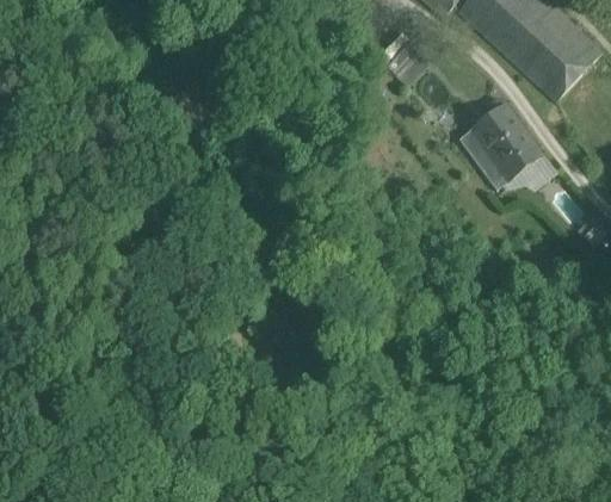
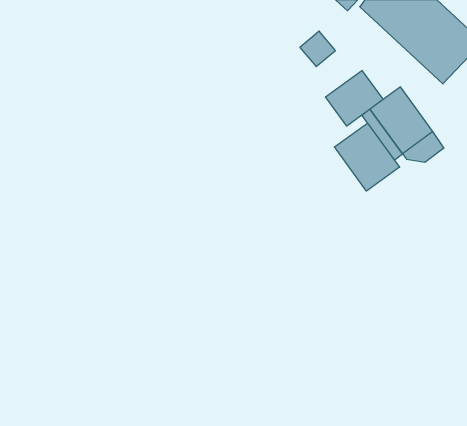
building: none -> [326,70,383,126]
building: none -> [334,123,400,191]

